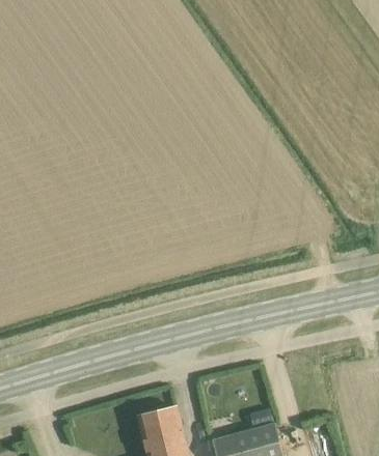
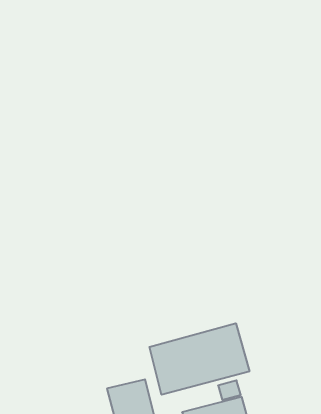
building: none -> [149,323,249,395]

